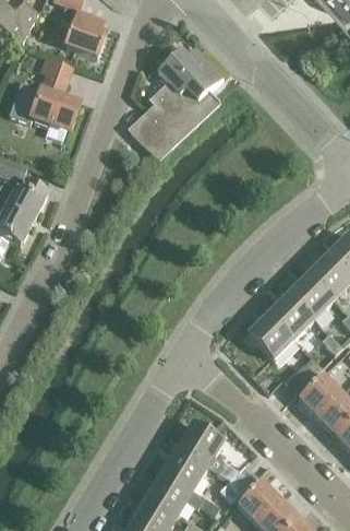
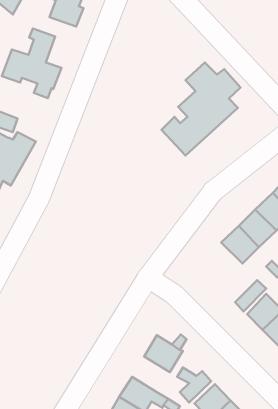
building: [129,48,222,158] -> [162,63,241,155]
building: [248,311,293,357] -> none
building: [162,447,207,489] -> none

